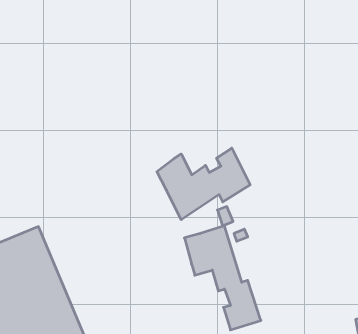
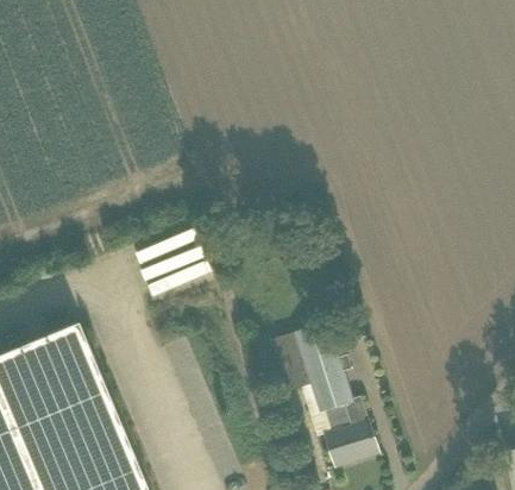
building: [157,148,250,220] -> none

